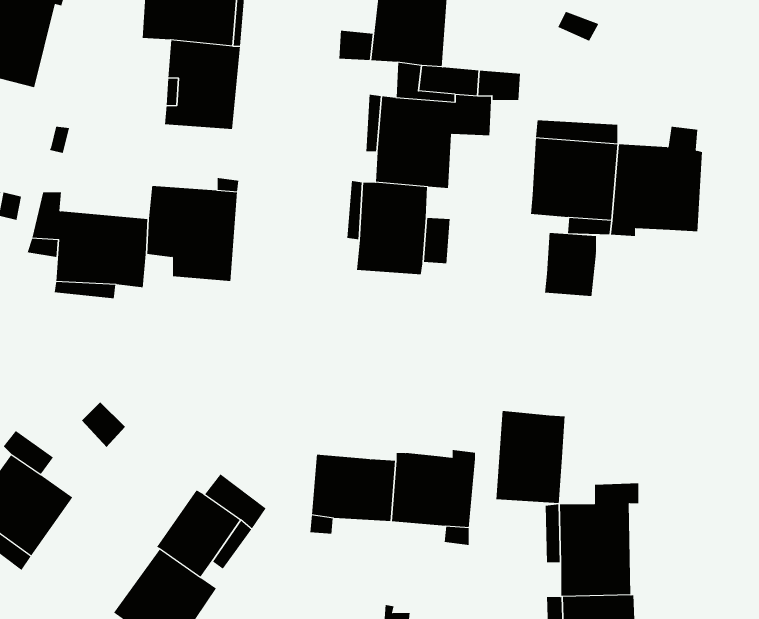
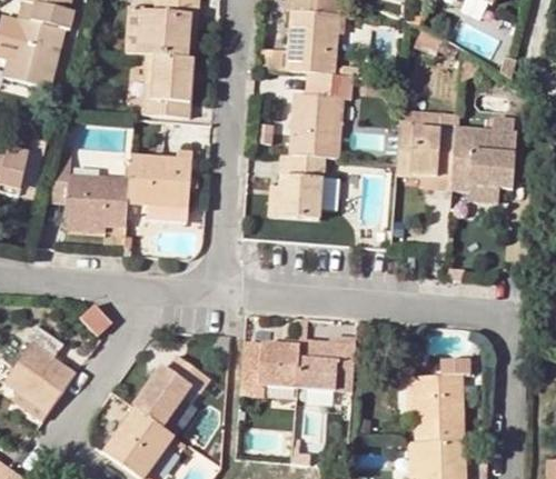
building: [545,232,597,297] -> none
building: [496,410,565,504] -> none

